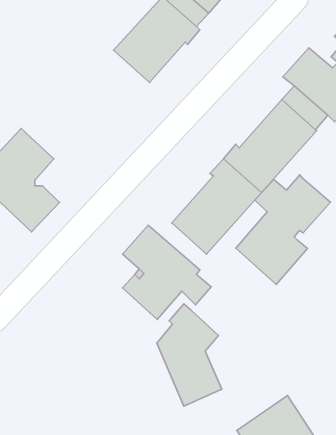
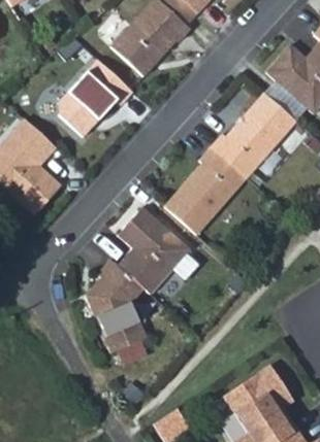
building: none -> [59,59,133,136]
building: [236,175,331,285] -> none
building: [157,304,222,406] -> [87,259,147,352]

